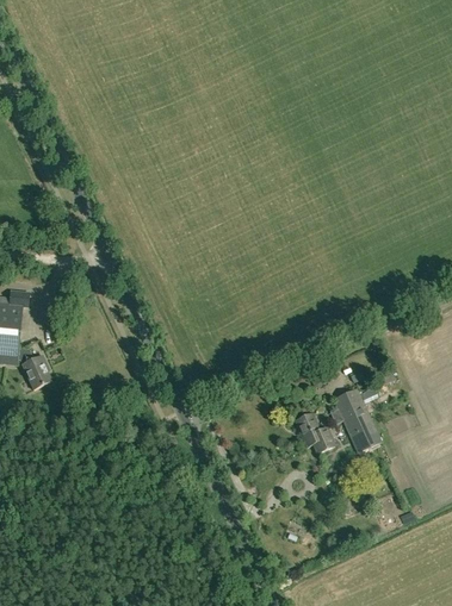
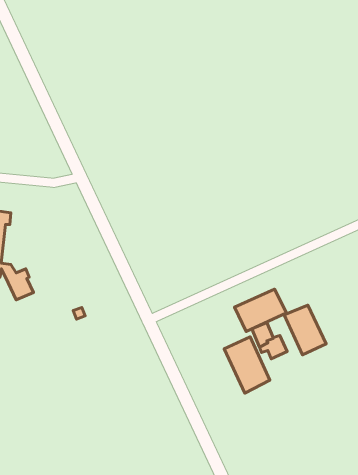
building: none -> [235,289,287,332]
building: none -> [224,337,270,393]

